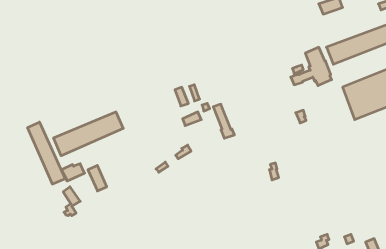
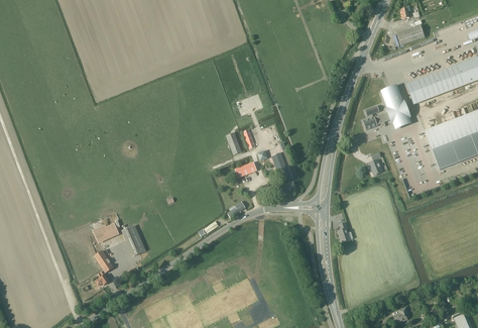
building: [54,112,123,156] -> none
building: [28,122,65,184] -> none

